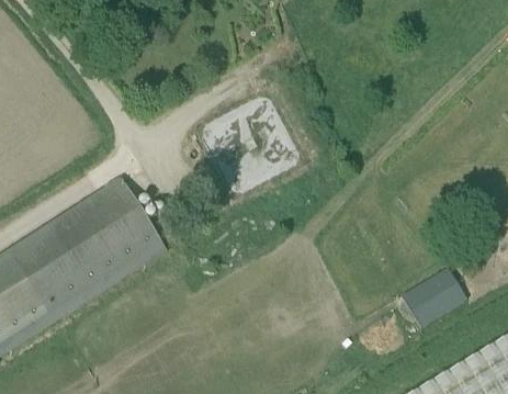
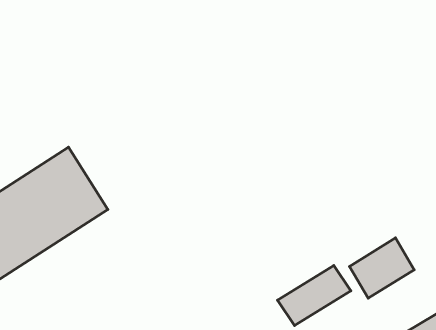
building: none -> [278,265,351,325]

